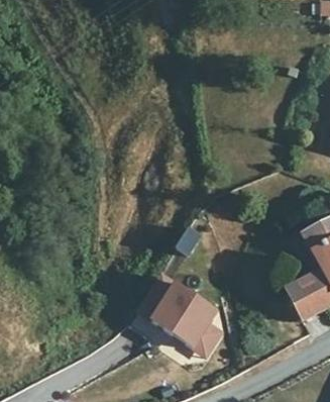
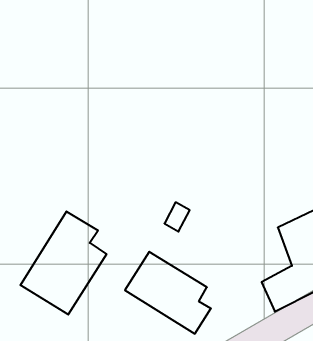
building: none -> [20,211,106,315]

